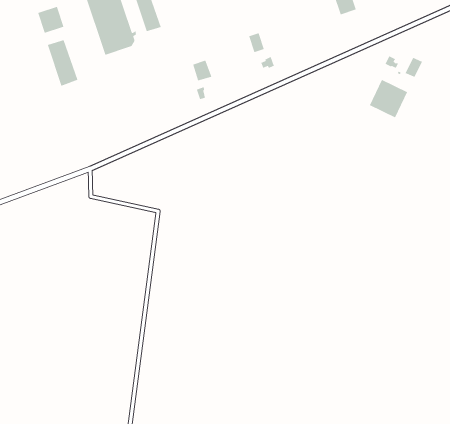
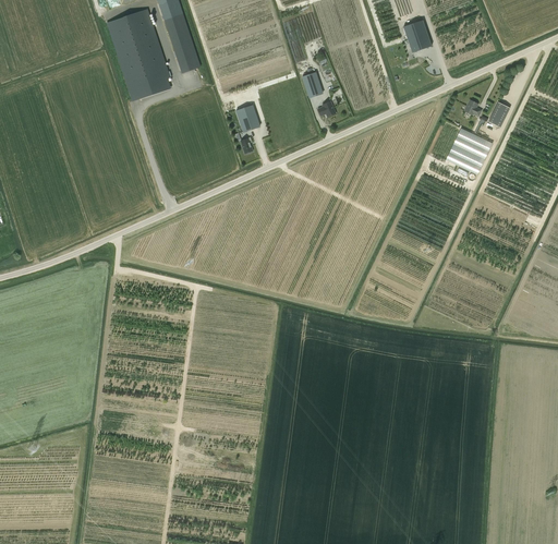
building: [37,6,64,34] -> none
building: [47,39,79,87] -> none

